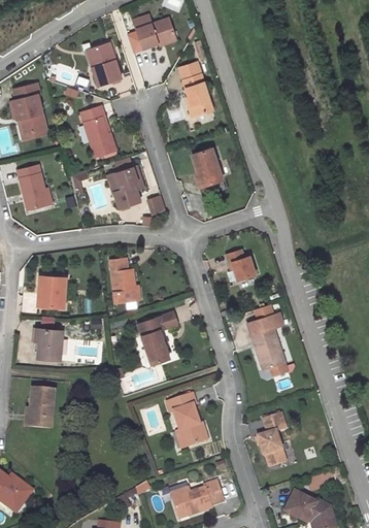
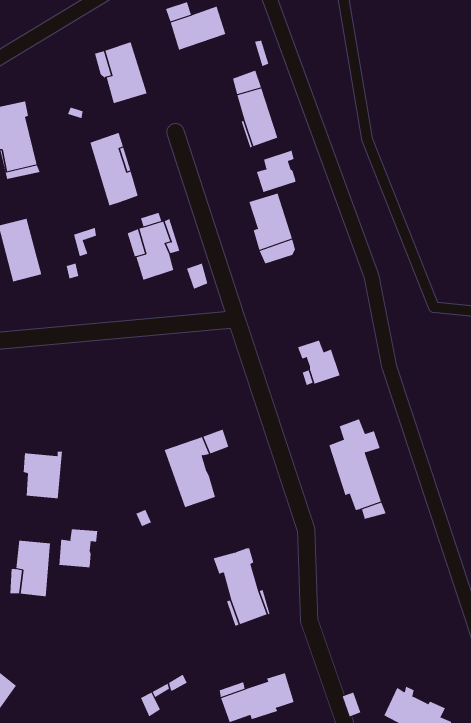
building: none -> [256,150,297,193]
building: [110,258,136,303] -> none
building: [39,275,66,307] -> none
building: none -> [59,528,98,568]
building: [258,414,286,466] -> none

